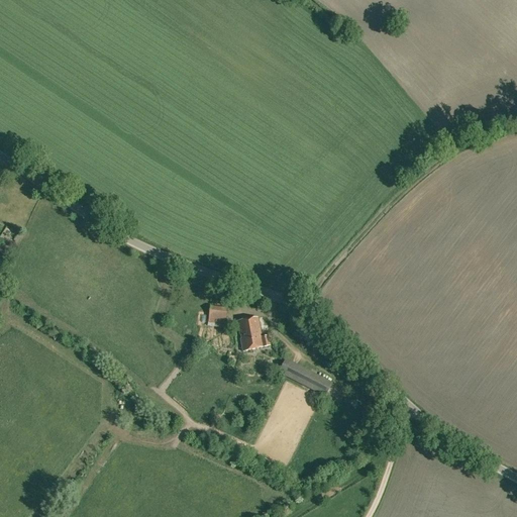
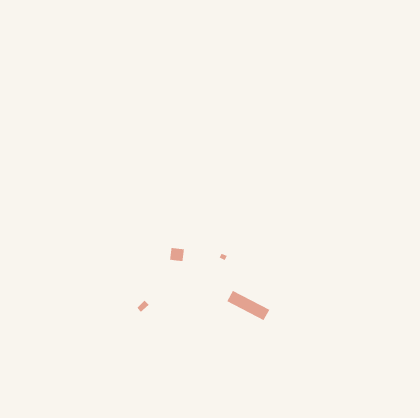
building: [237,316,270,349] -> none

